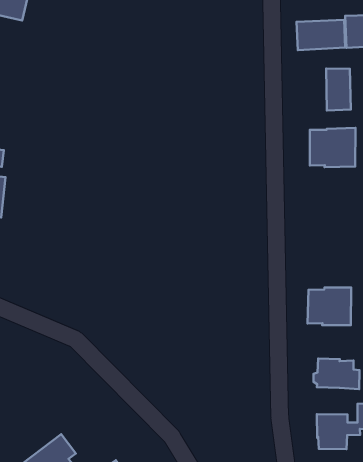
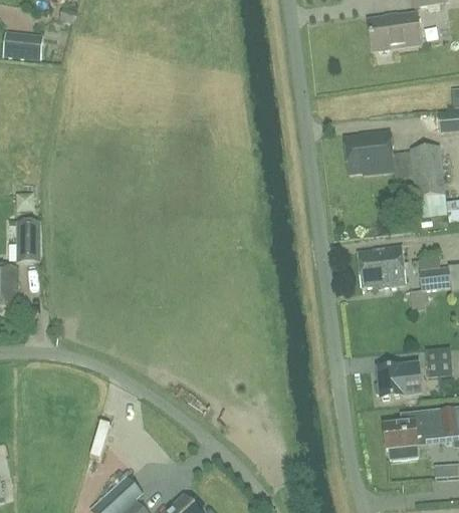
building: [297,20,345,50] -> none
building: [326,68,351,110] -> none
building: [308,288,351,325] -> [359,246,406,287]

